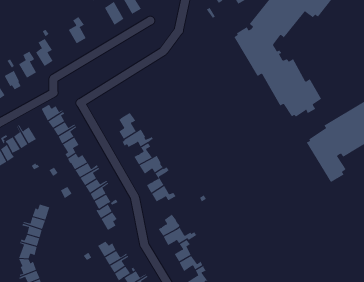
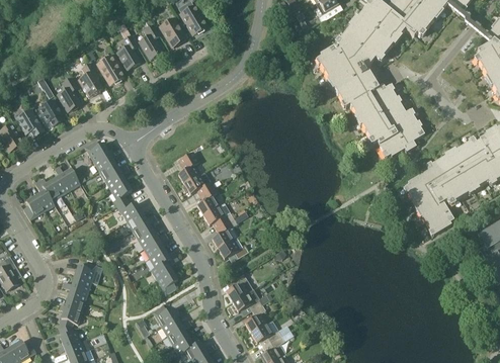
building: none -> [139,24,162,59]
building: none -> [96,54,123,85]

